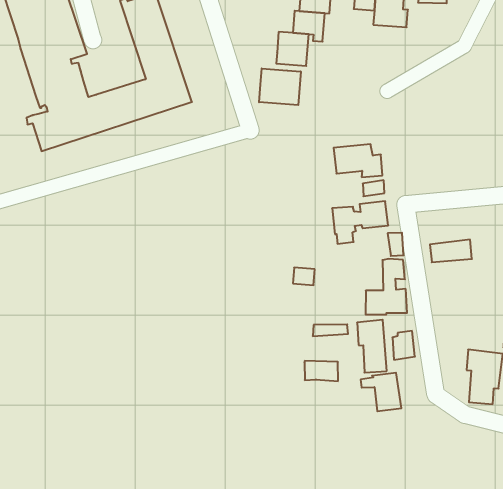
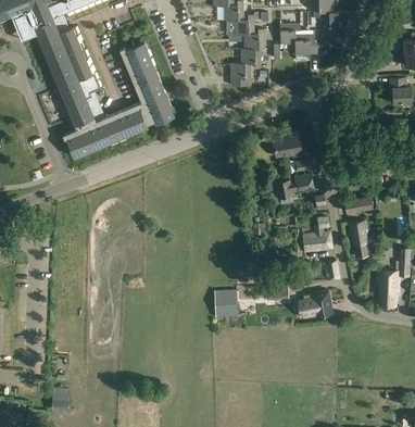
building: [259,68,301,105] -> none
building: [357,320,387,373] -> [349,221,372,258]
building: none -> [214,290,238,318]

